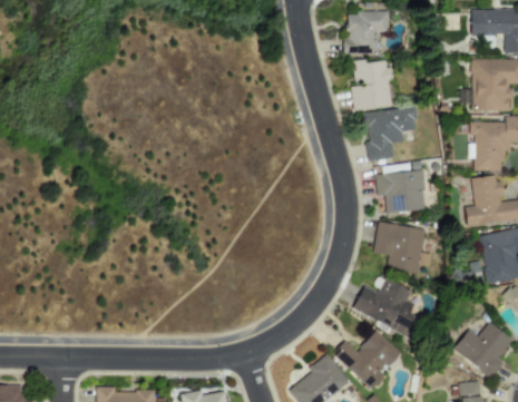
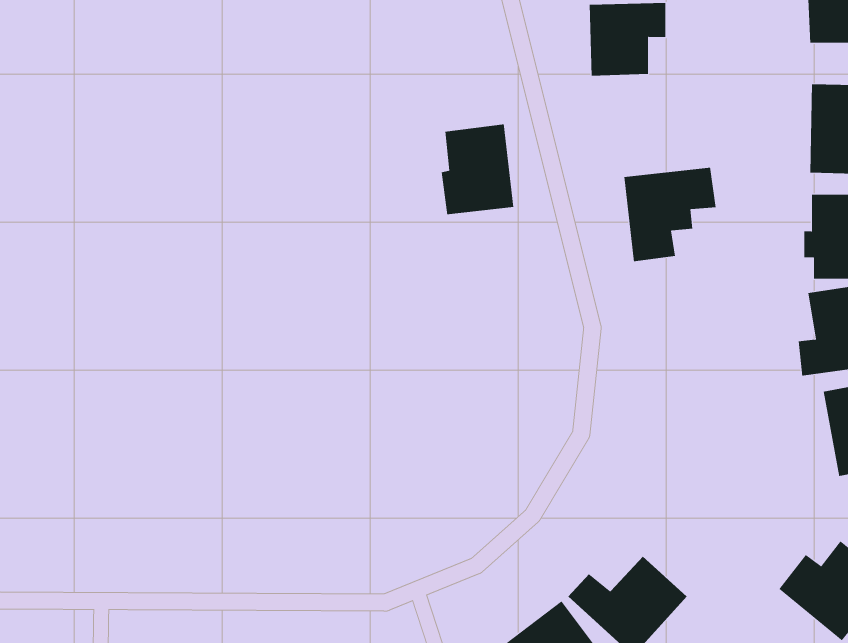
building: [352,59,394,111] -> [441,124,514,215]
building: [377,171,427,213] -> none
building: [373,222,426,274] -> none
building: [353,280,416,333] -> none

